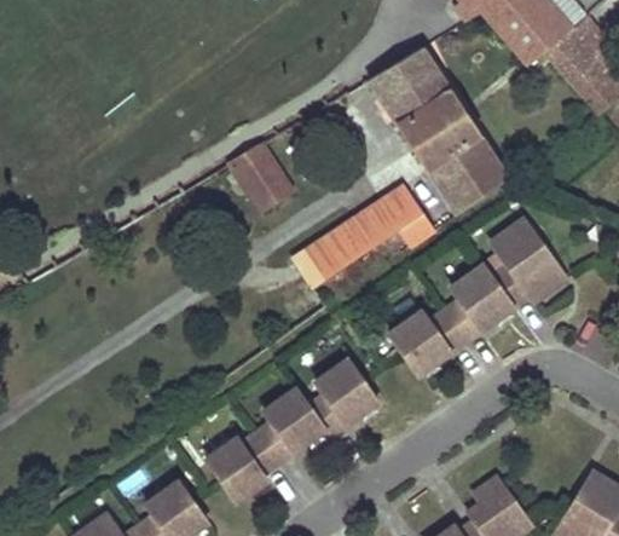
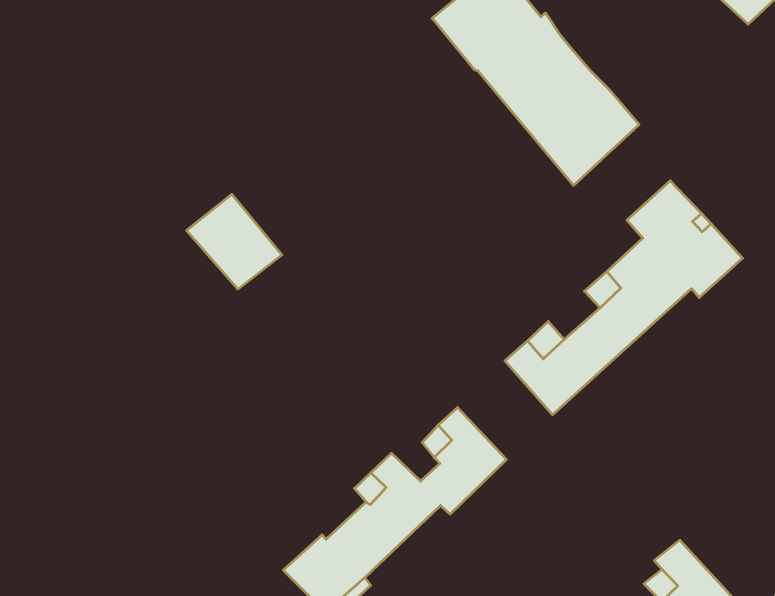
building: [228,140,295,209] -> [187,194,282,289]
building: [293,183,433,286] -> none

